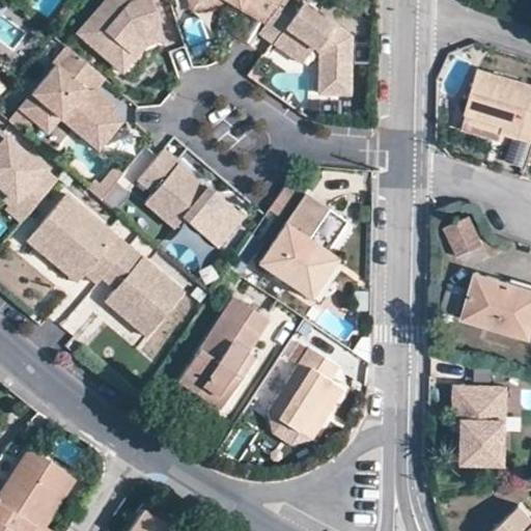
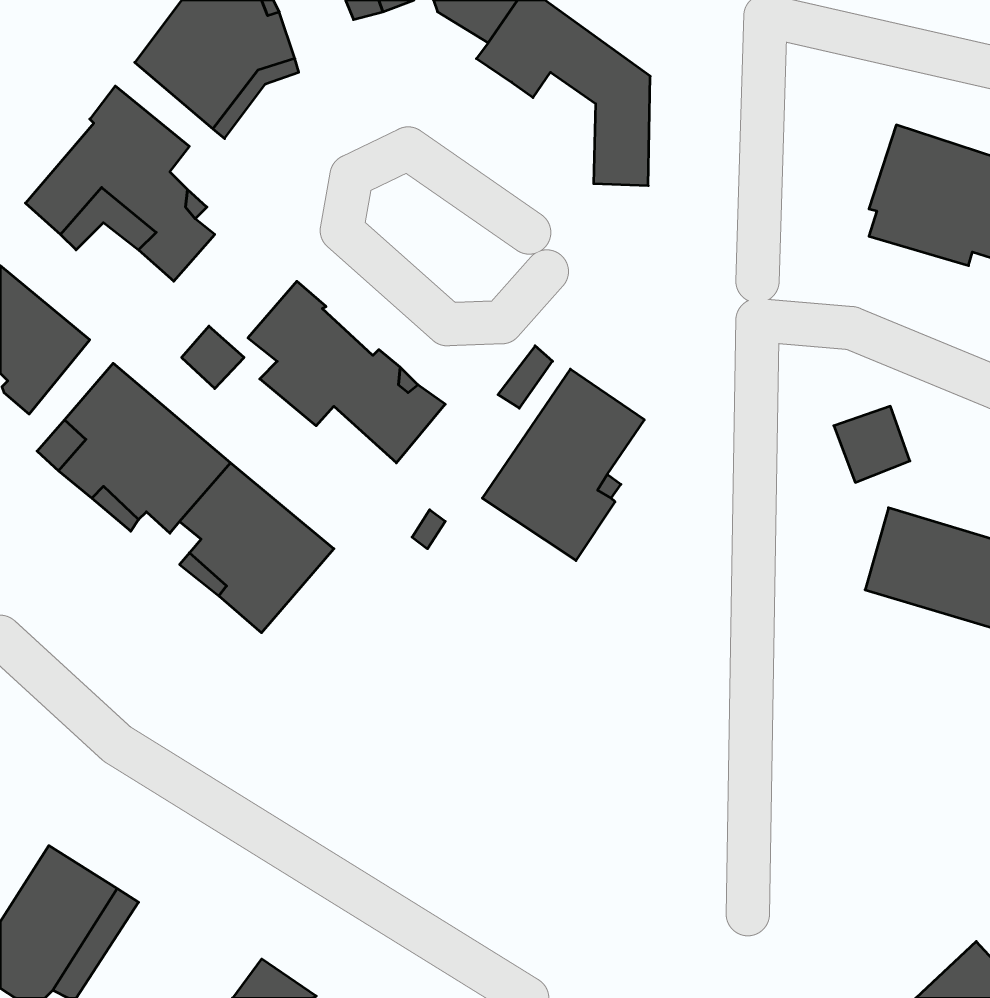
building: [178,298,270,411] -> none
building: [269,348,343,441] -> none
building: [456,385,509,462] -> none

